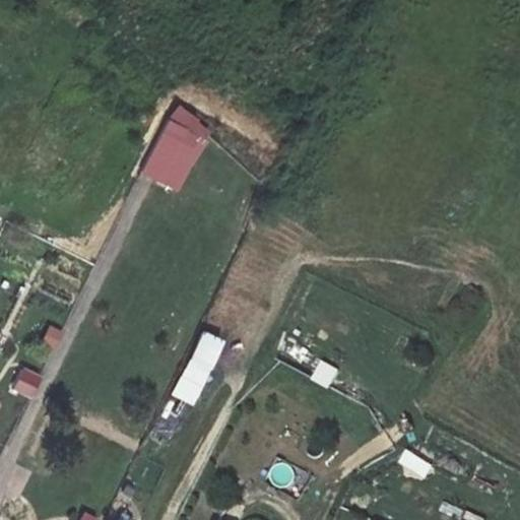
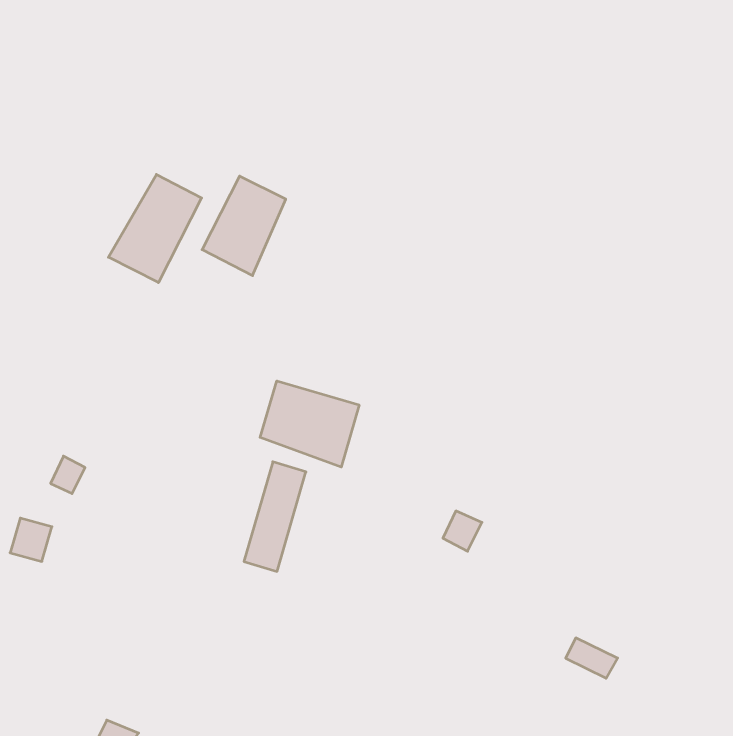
building: none -> [108,174,202,283]
building: none -> [260,381,359,467]

